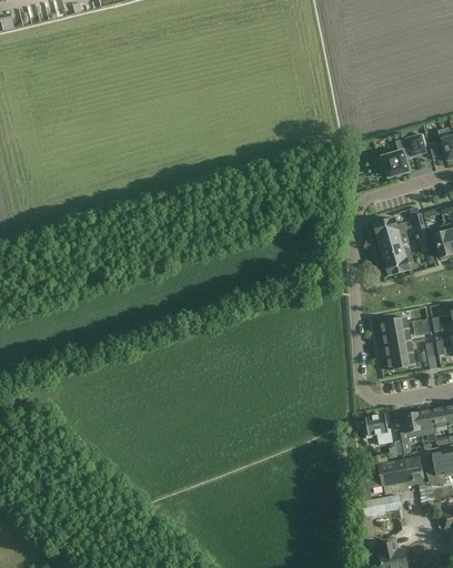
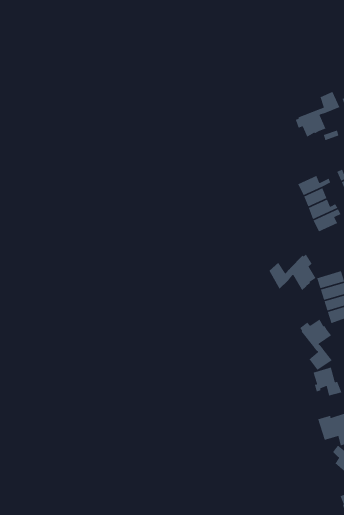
building: none -> [268,254,316,291]
building: none -> [299,318,333,371]

